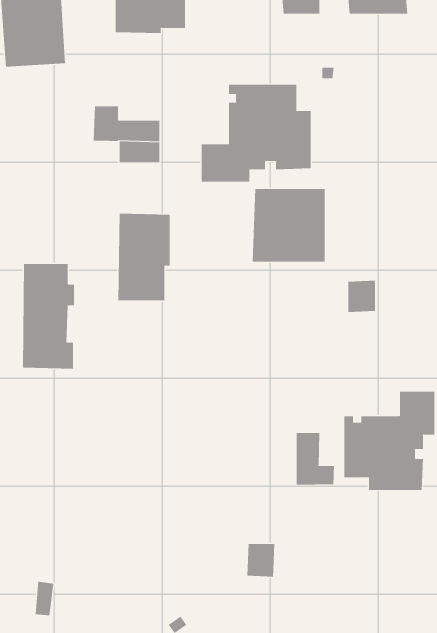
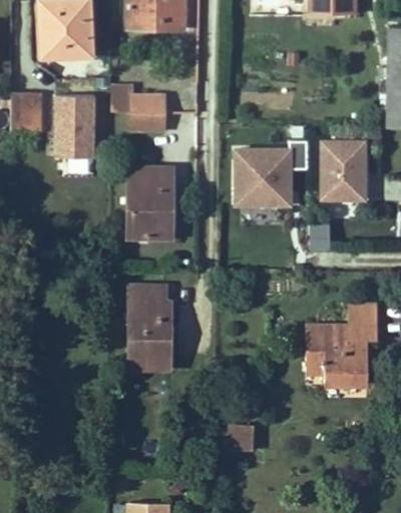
building: [201,84,311,183] -> none
building: none -> [53,90,98,155]
building: none -> [321,140,364,197]
building: [22,263,75,369] -> [129,287,170,369]
building: [296,432,334,485] -> none

